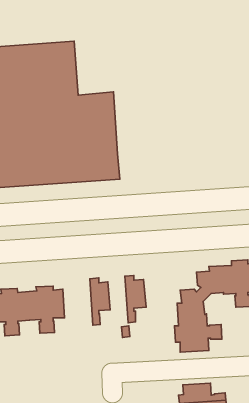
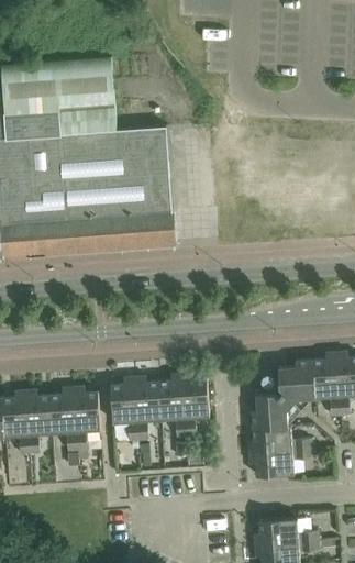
building: none -> [157,375,185,439]
building: none -> [110,378,137,442]

